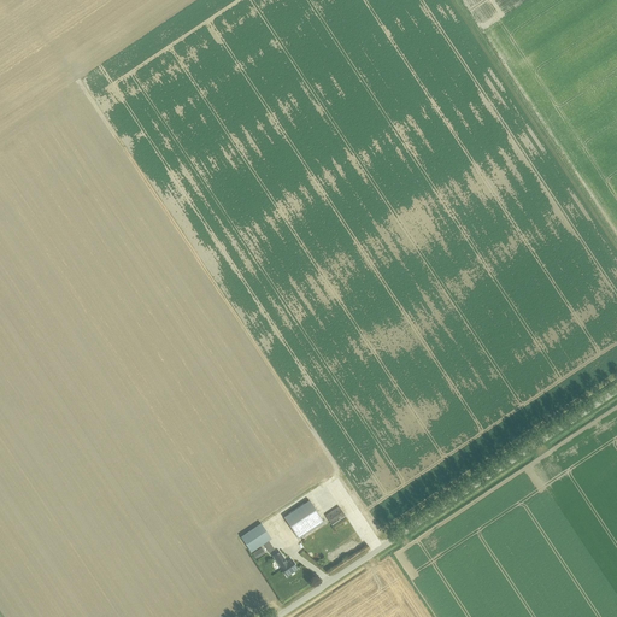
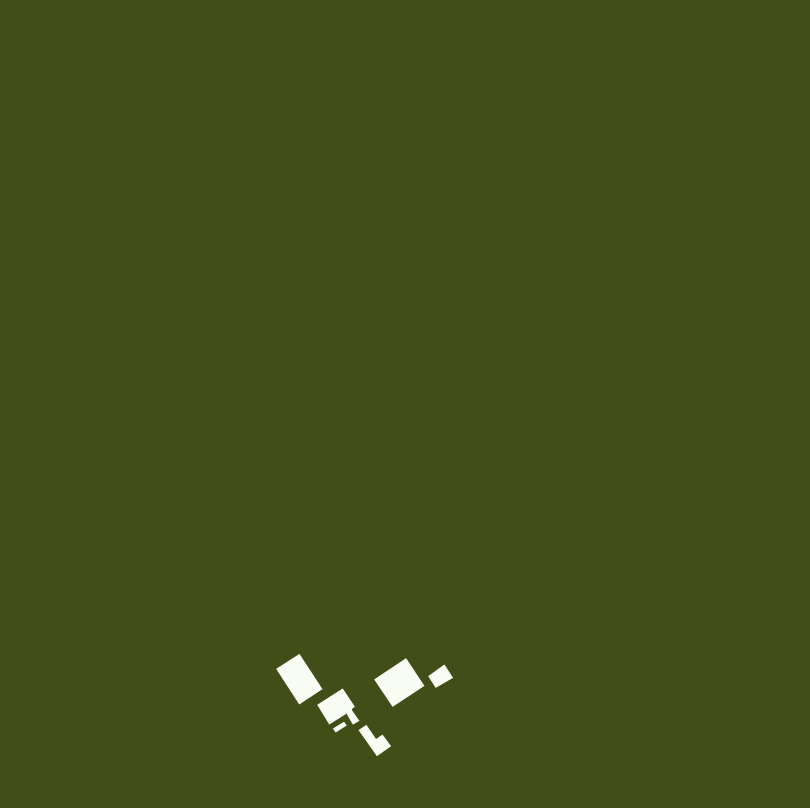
building: none -> [275,653,324,705]

